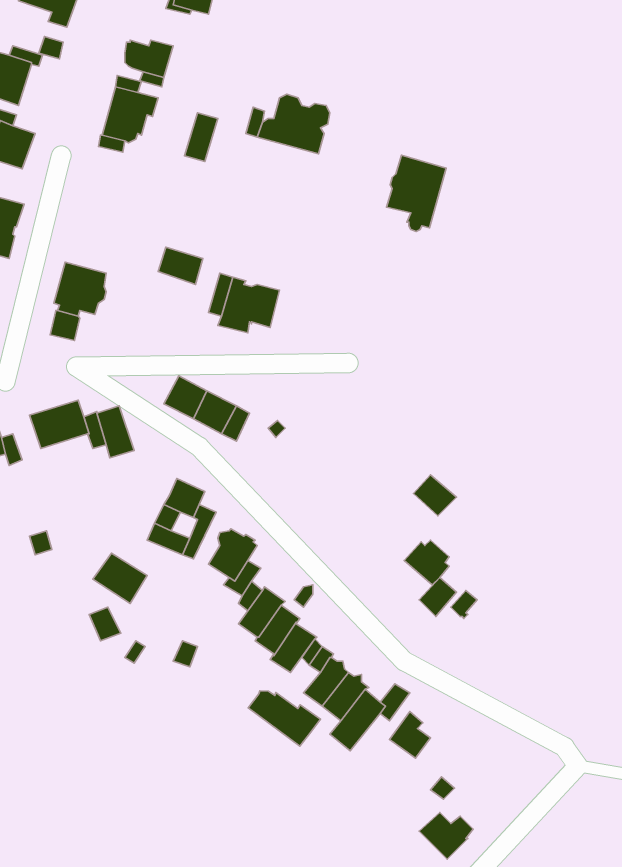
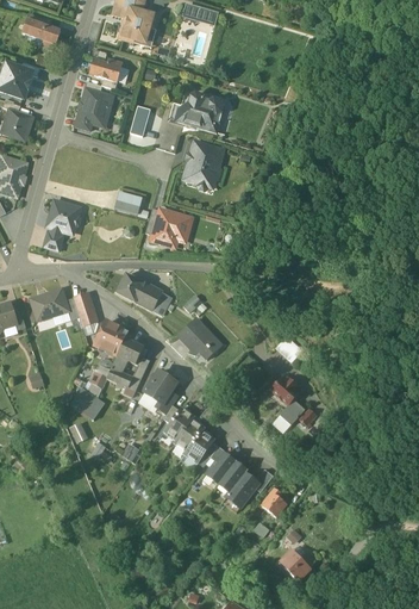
building: [386,155,446,232] -> [185,141,223,189]
building: none -> [95,321,129,349]
building: none -> [179,321,221,360]
building: [248,691,320,746] -> none

